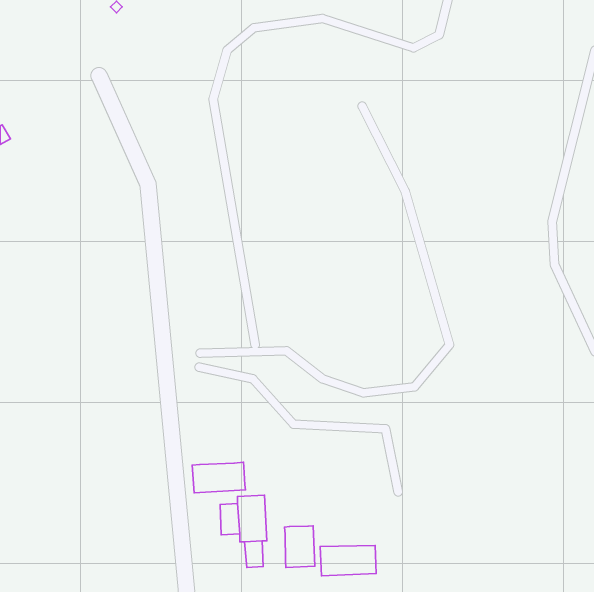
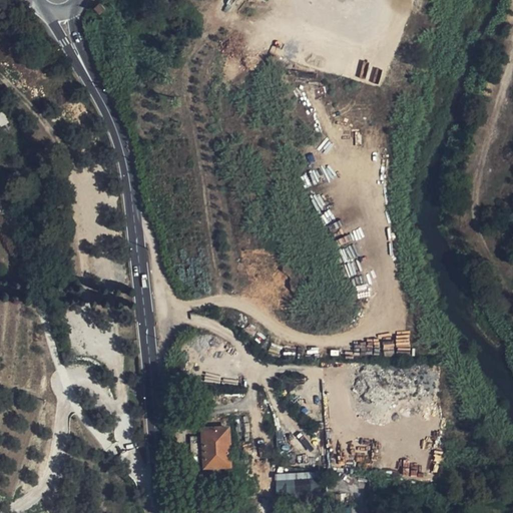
building: [192,462,245,493] -> none
building: [284,526,315,567] -> none

